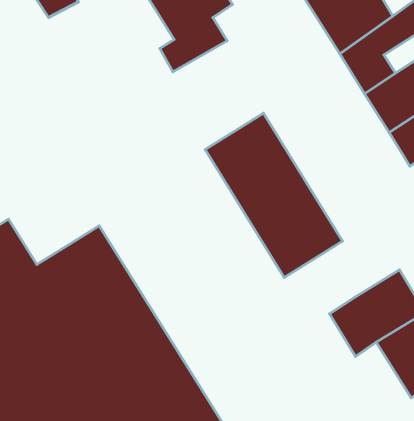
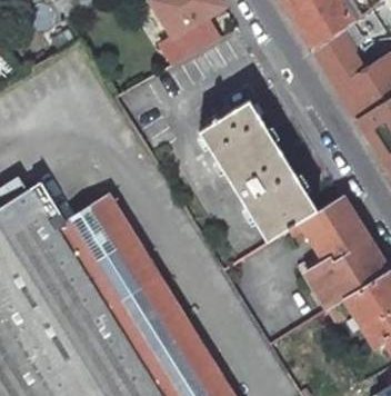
building: none -> [304,196,367,258]

